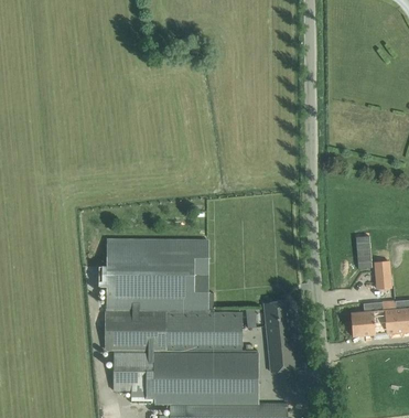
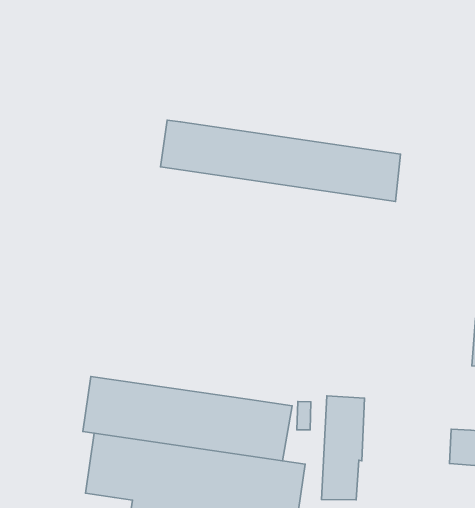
building: none -> [160,120,400,201]
building: [99,238,214,311] -> none

